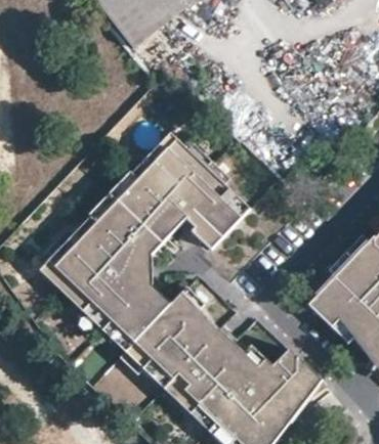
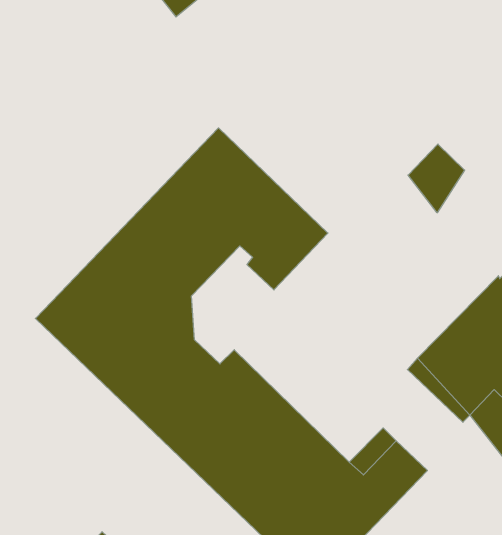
building: none -> [408,144,465,213]

